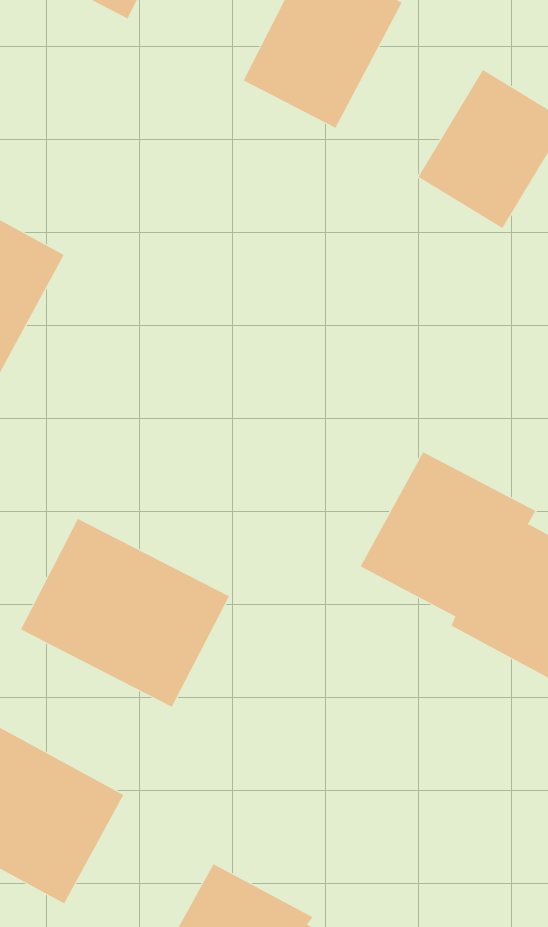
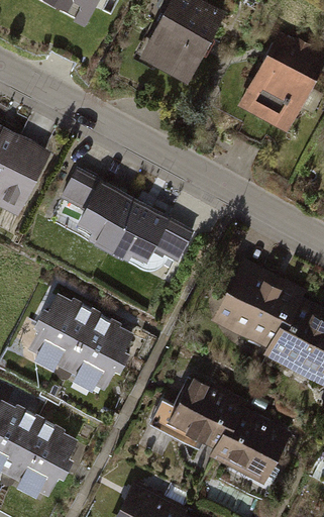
building: none -> [58,166,192,262]
building: none -> [148,375,286,481]

